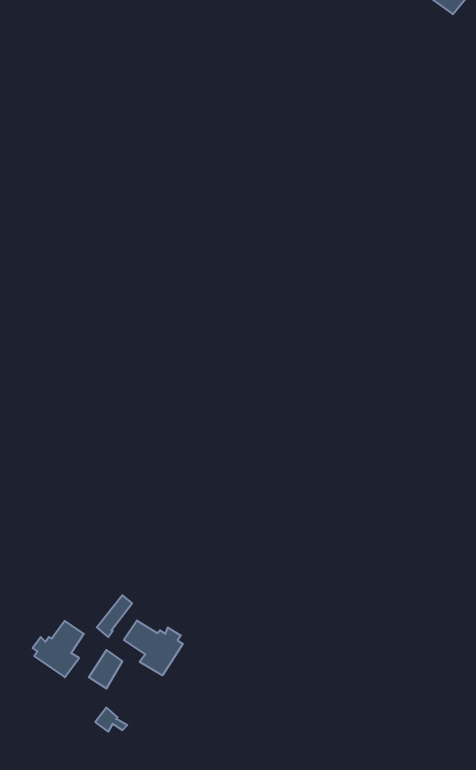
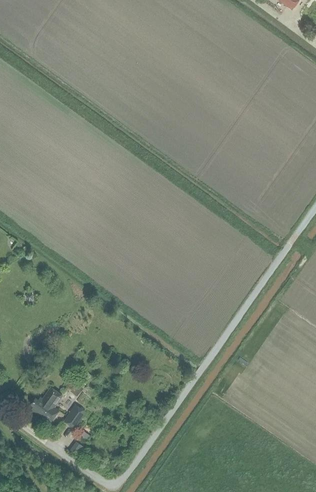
building: [124,620,183,675] -> none

